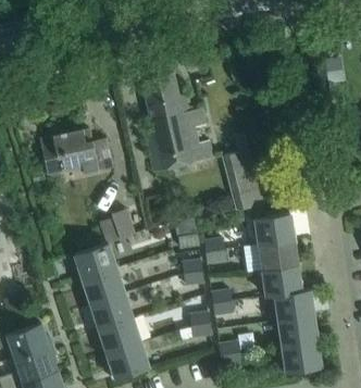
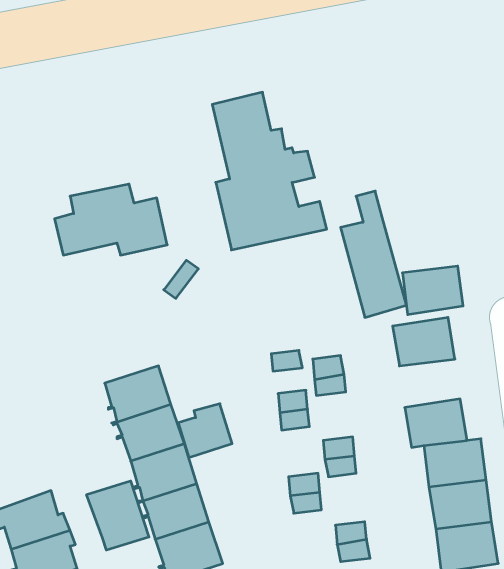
building: [101,209,135,242] -> [178,404,232,457]
building: [259,239,297,270] -> [402,266,463,315]
building: none -> [87,481,149,550]

